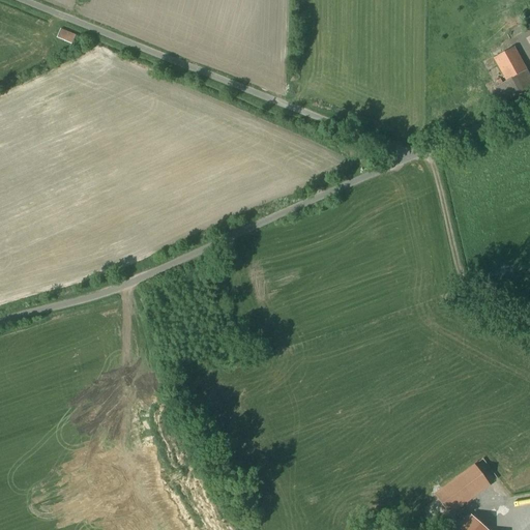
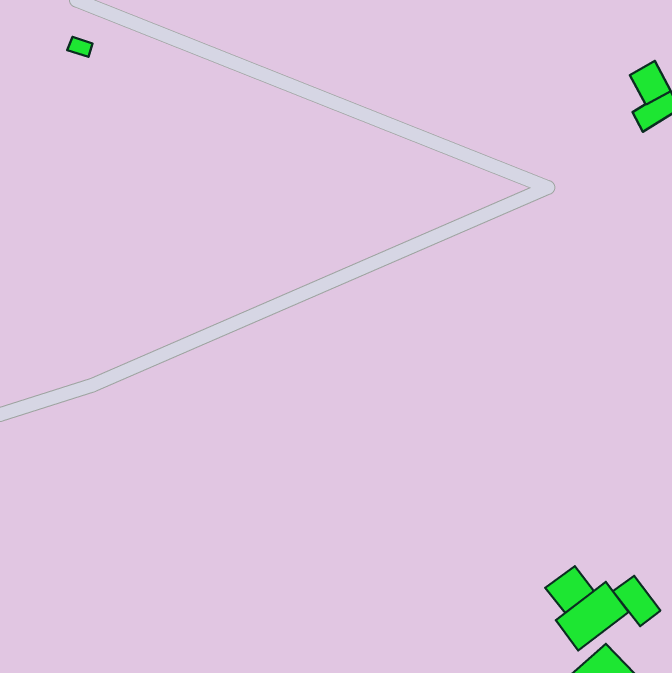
building: none -> [545,566,594,613]
building: none -> [613,576,660,626]

